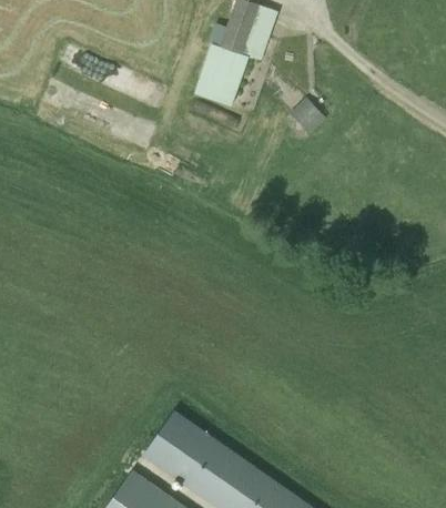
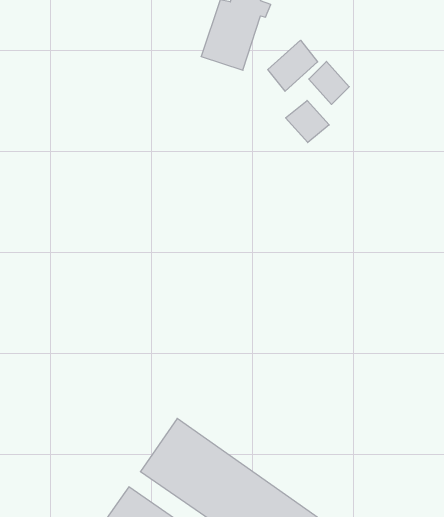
building: none -> [268,40,318,91]
building: none -> [286,100,329,143]

